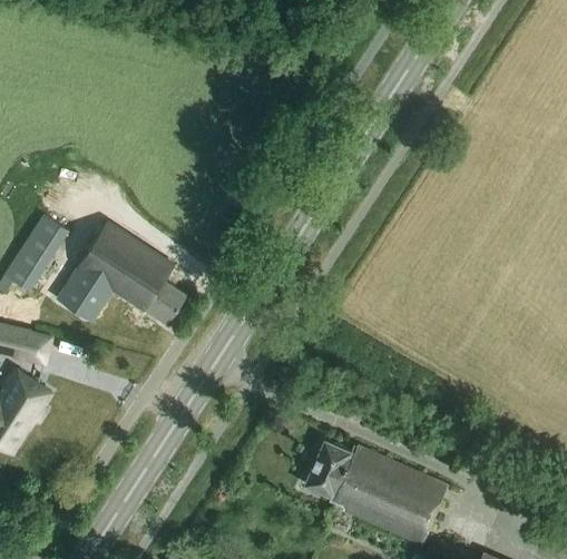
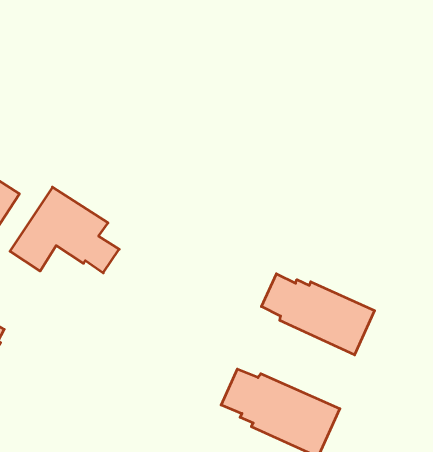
building: none -> [261,274,375,355]

